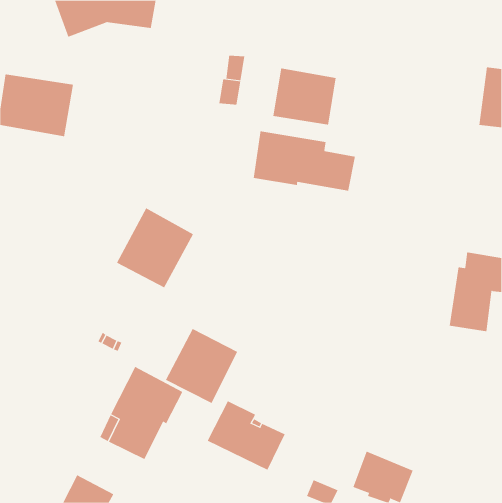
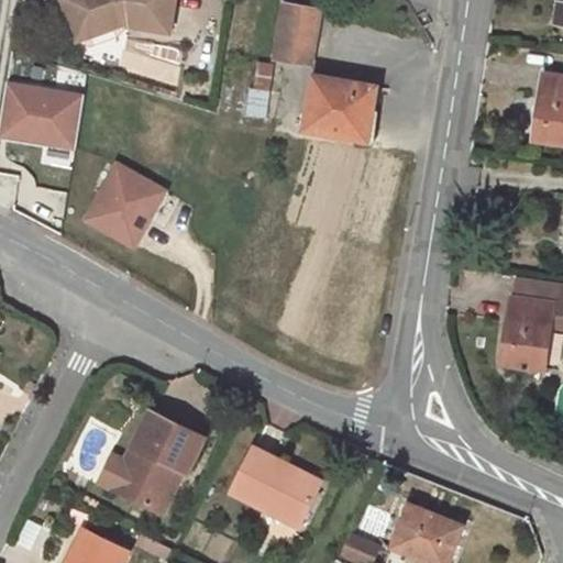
building: none -> [275,4,320,65]
building: [253,130,355,191] -> none
building: [116,208,194,288] -> [80,159,167,250]
building: [165,328,238,404] -> none

